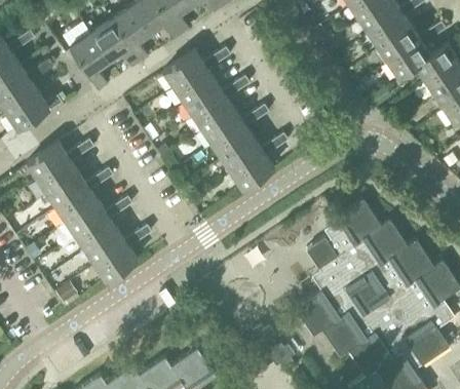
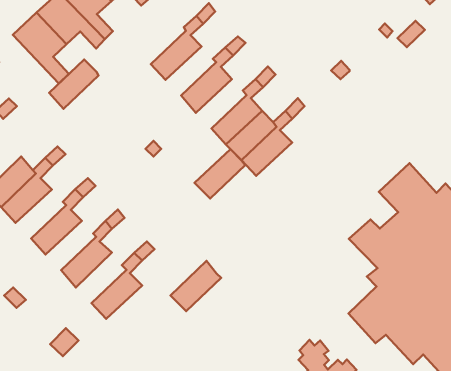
building: [163,51,204,87] -> [49,59,98,109]
building: [182,80,224,116] -> none
building: [201,110,243,146] -> [194,149,245,198]
building: [45,172,87,208] -> none
building: [65,201,107,237] -> none
building: [84,230,126,267] -> [171,261,221,311]

